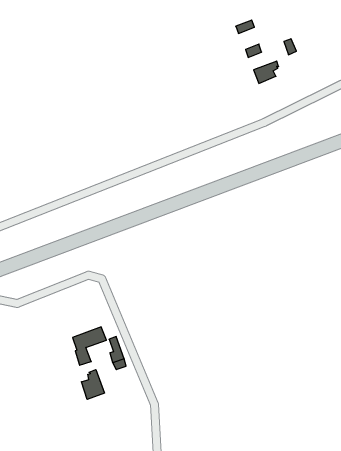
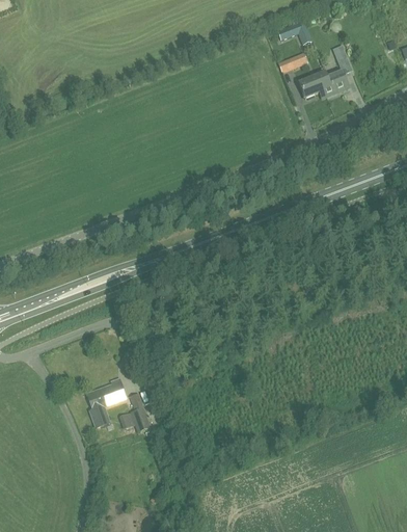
building: none -> [320,68,348,96]
building: [81,370,105,399] -> none

